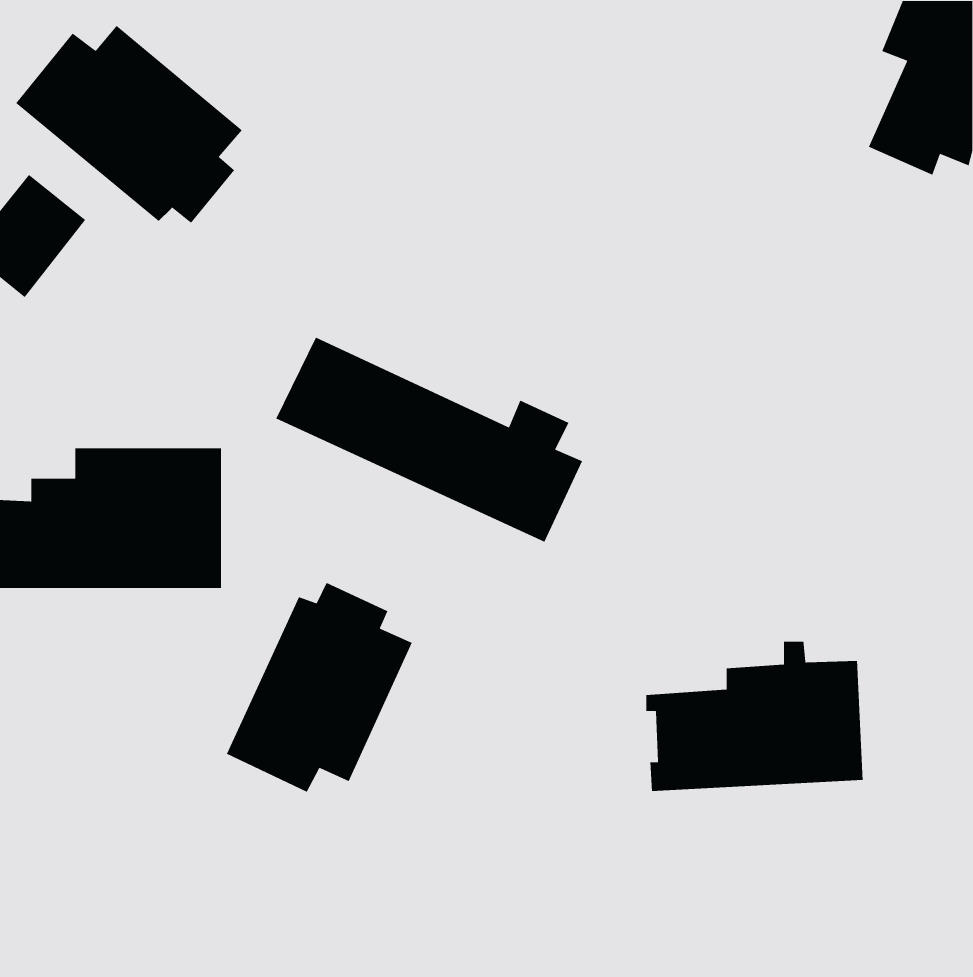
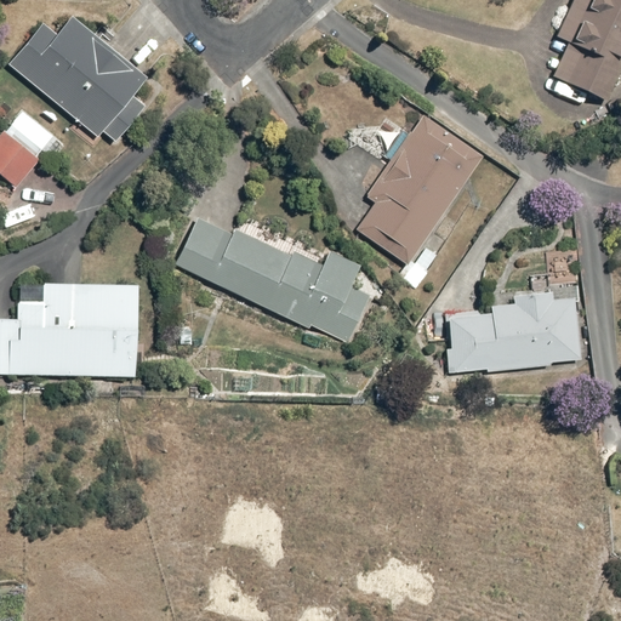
building: none -> [353,114,480,286]
building: [226,582,413,793] -> none
building: [646,641,864,792] -> [444,277,582,372]

